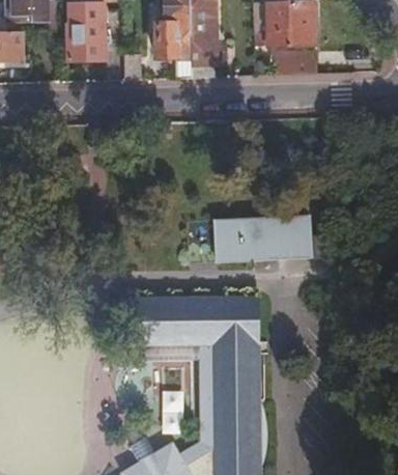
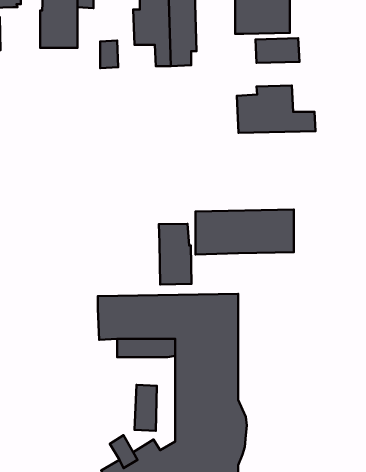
building: none -> [237,86,316,133]
building: none -> [159,224,192,284]

